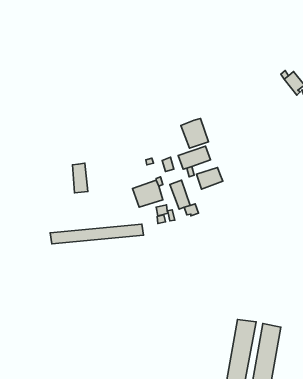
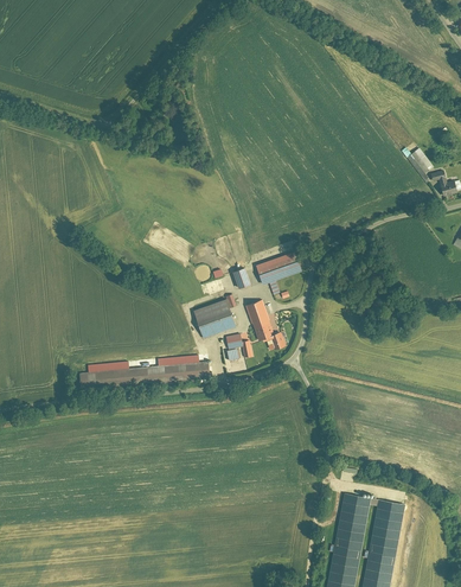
building: [181,118,209,148] -> none
building: [73,163,88,193] -> none
building: [196,168,223,189] -> none

